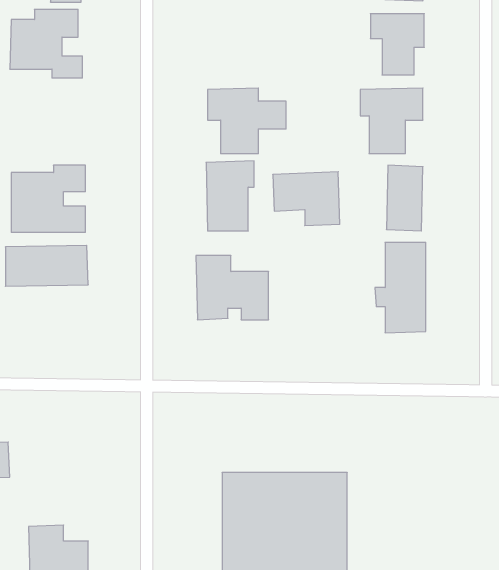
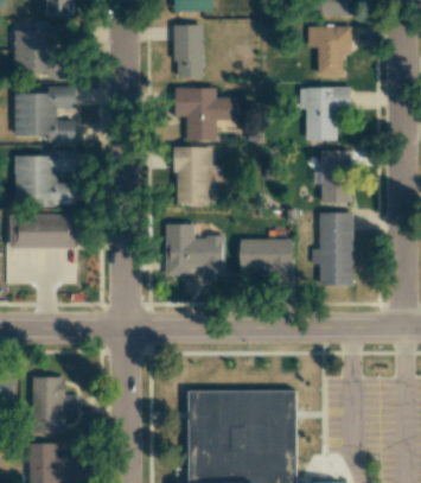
building: none -> [173,25,204,78]
building: none -> [14,85,76,141]
building: [273,172,340,226] -> [240,237,294,281]
building: none -> [32,376,79,433]

